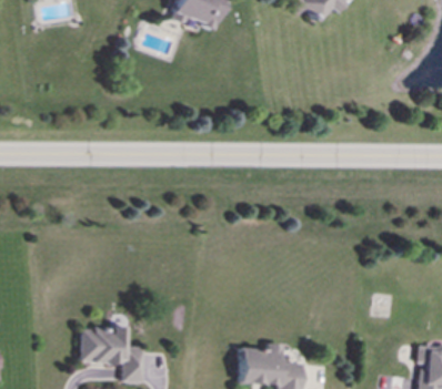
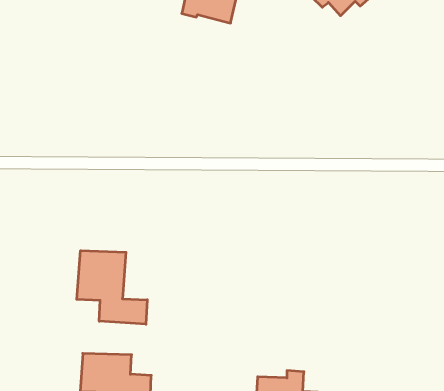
building: none -> [77,251,147,324]

